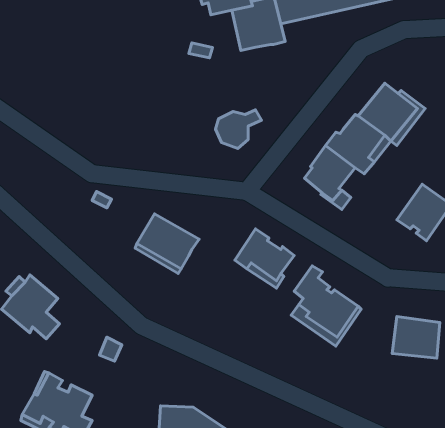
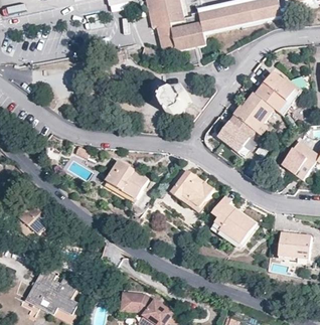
building: none -> [156,22,176,52]

